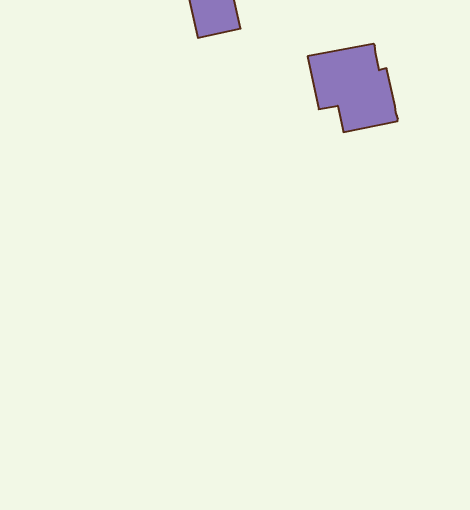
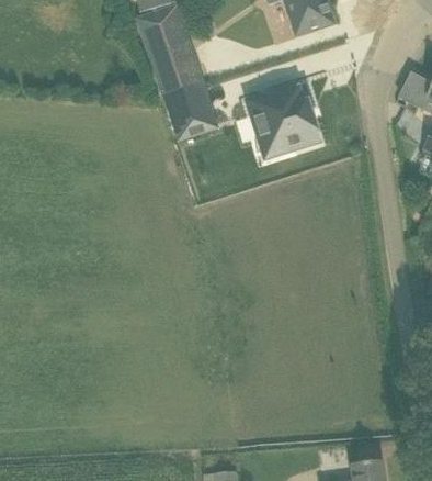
building: none -> [162,83,209,141]

